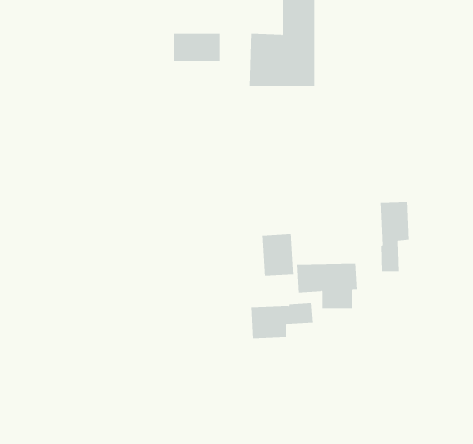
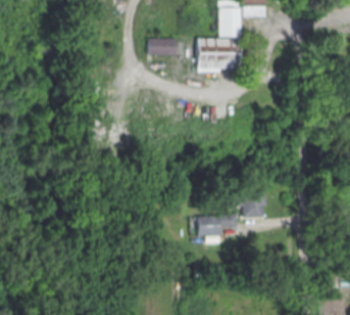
building: [380,201,409,272] -> none
building: [262,233,294,277] -> none

